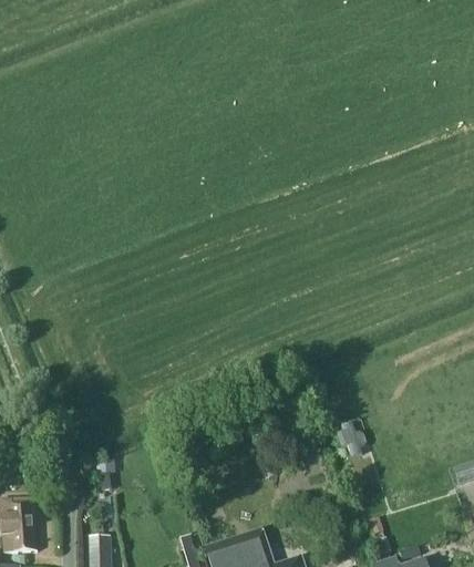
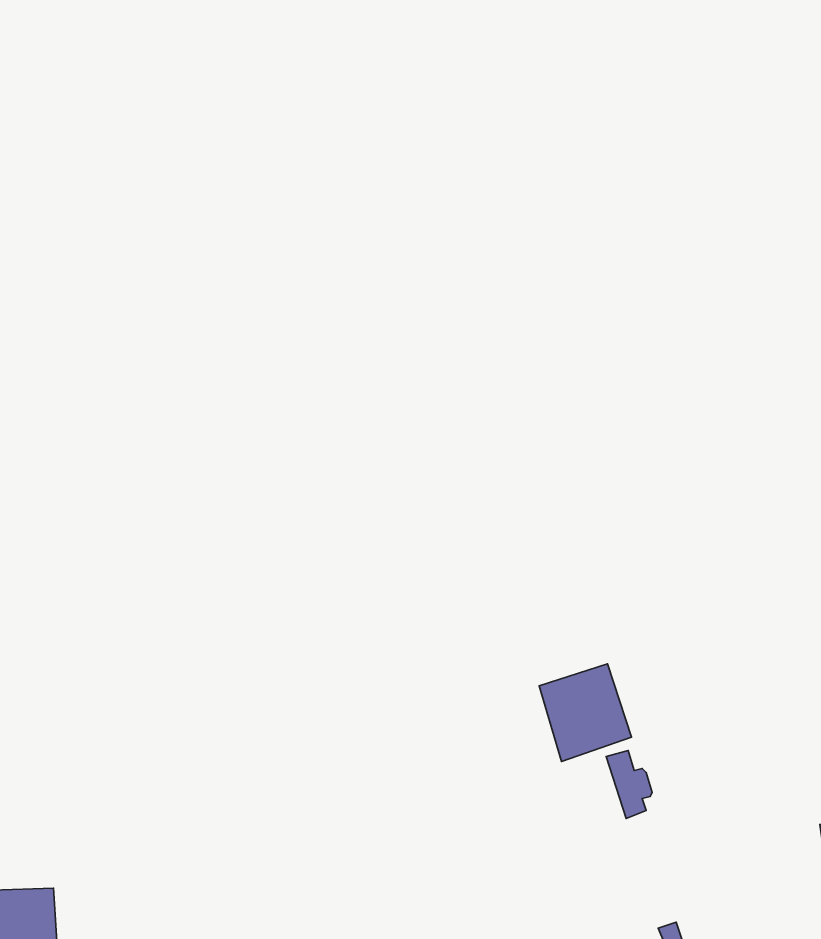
building: none -> [539,664,631,761]

